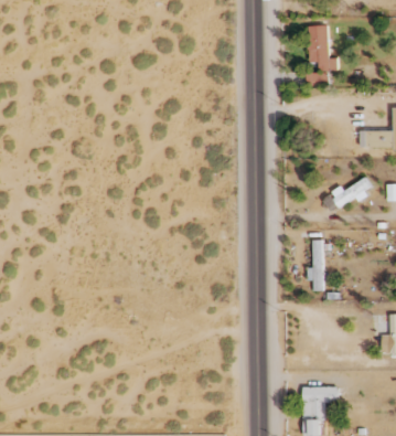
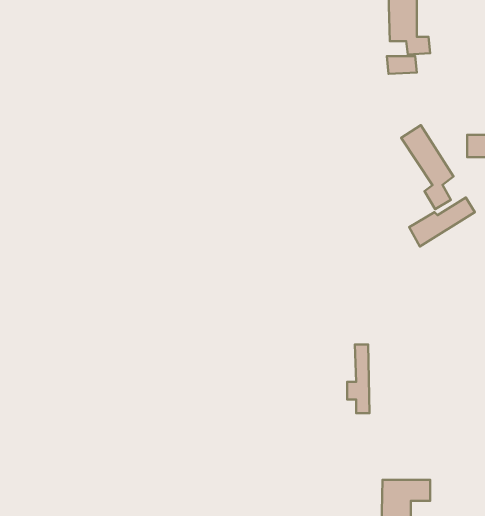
building: none -> [401,125,453,209]
building: [308,240,324,290] -> [347,345,370,413]

